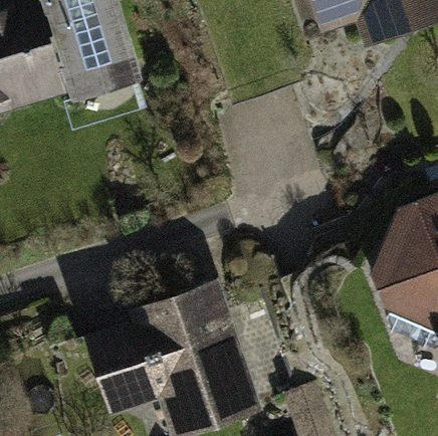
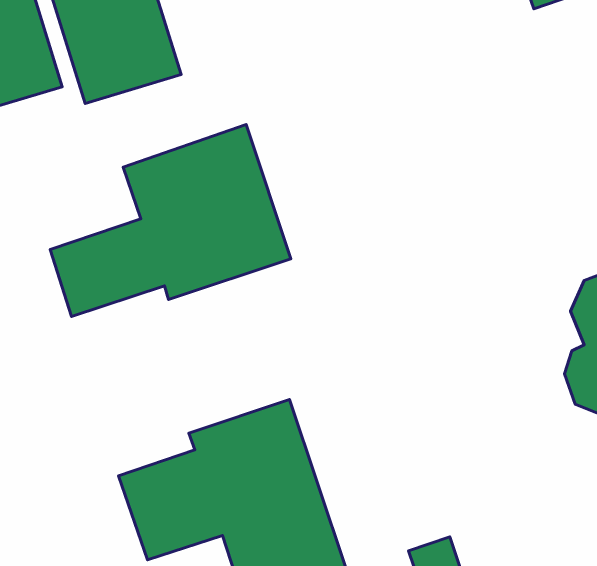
building: none -> [50,125,291,317]

